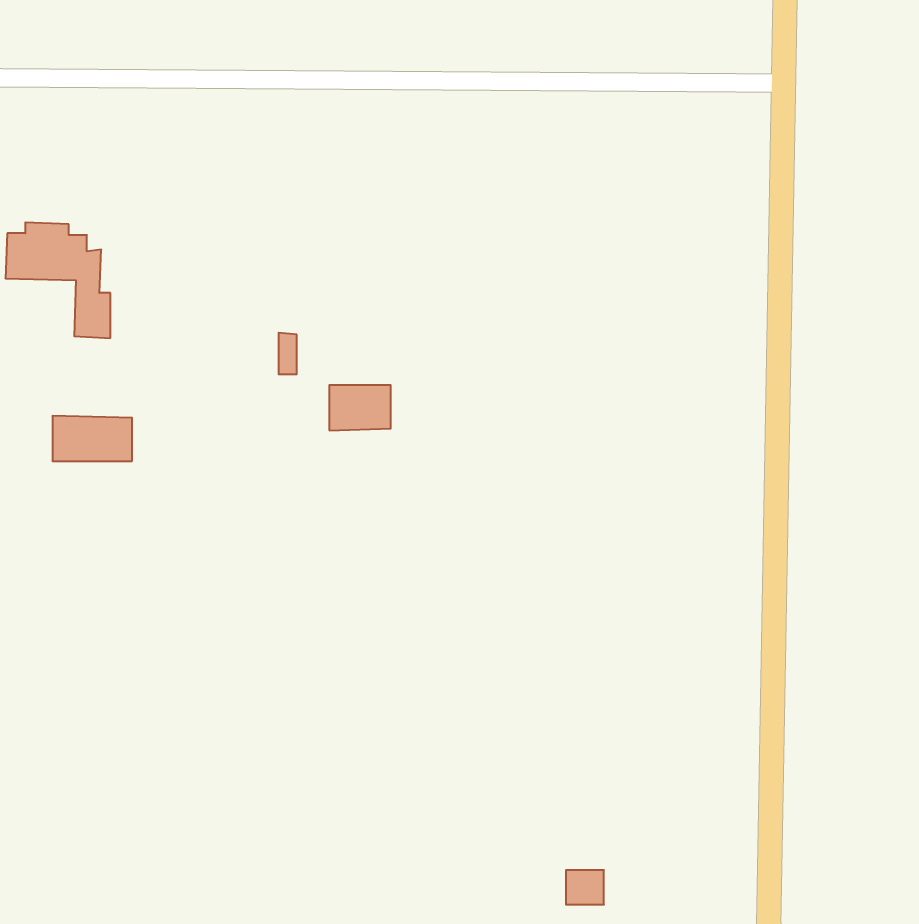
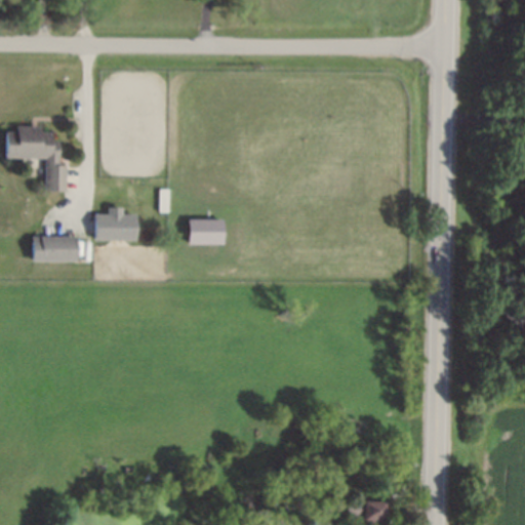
building: none -> [96,207,137,240]
building: [566,870,604,905] -> [364,500,386,520]

